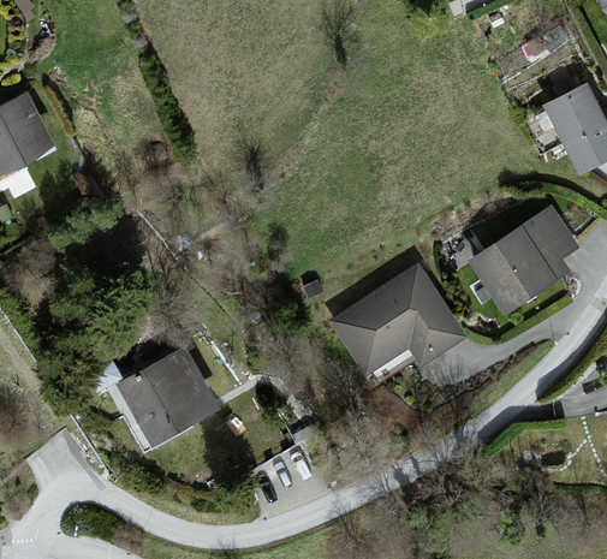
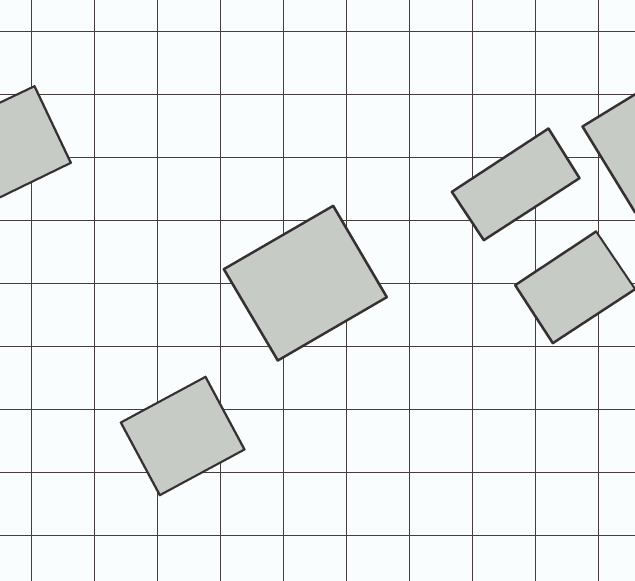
building: none -> [452,129,580,240]
building: [321,257,466,396] -> [224,206,387,361]

